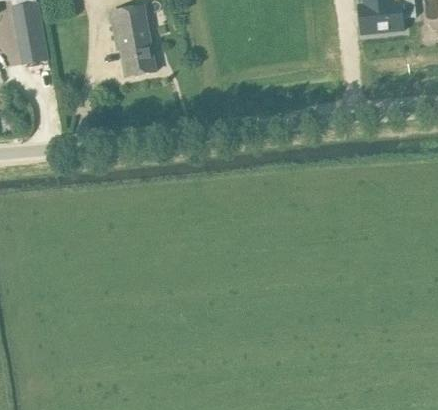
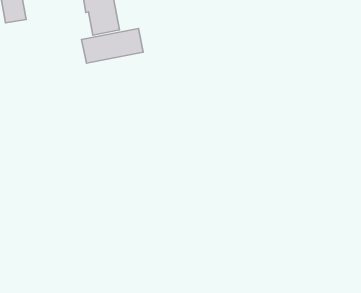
building: none -> [82,29,143,63]

